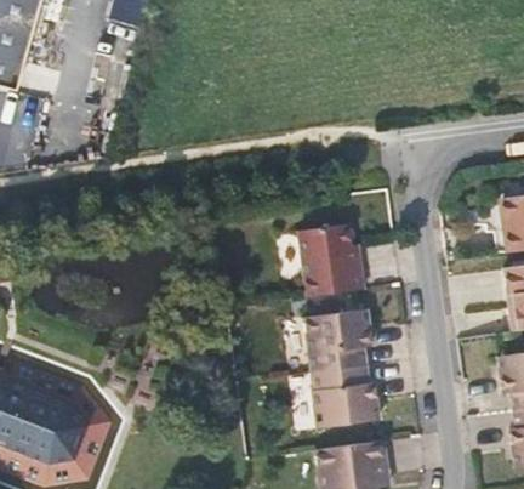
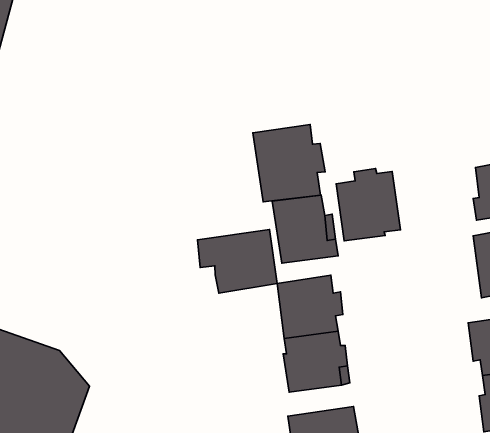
building: none -> [253,125,325,202]
building: none -> [336,168,401,241]
building: none -> [197,230,277,293]

